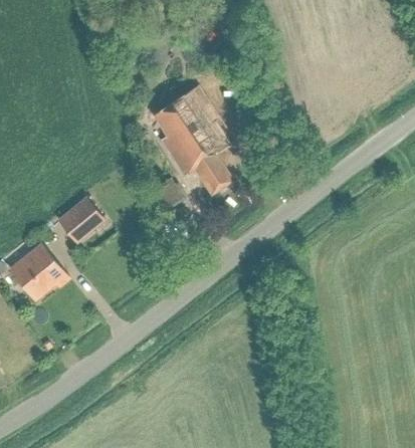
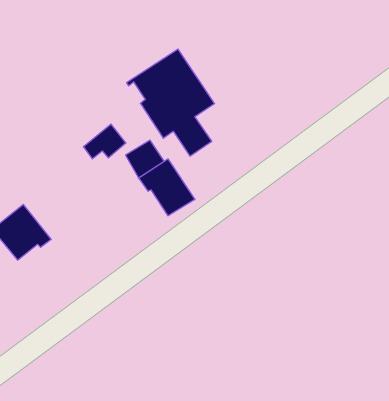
building: none -> [139,159,195,216]
building: [59,198,102,233] -> [83,124,126,159]

